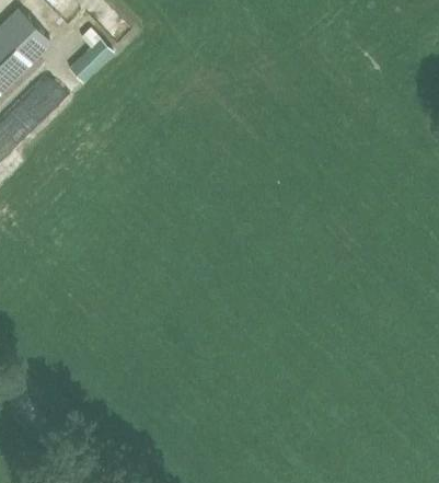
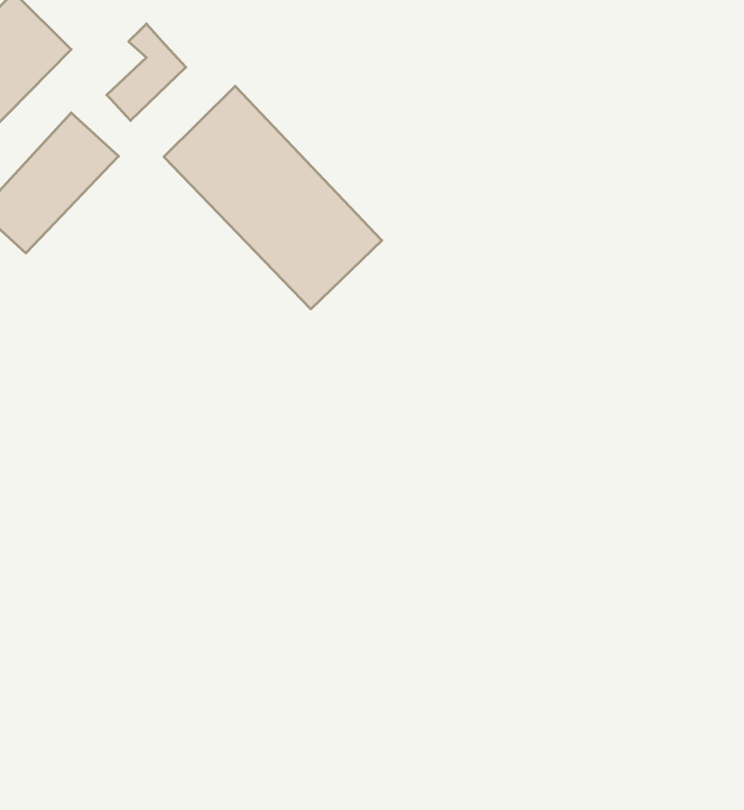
building: none -> [164,86,382,309]

